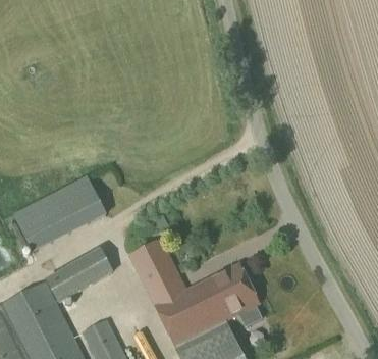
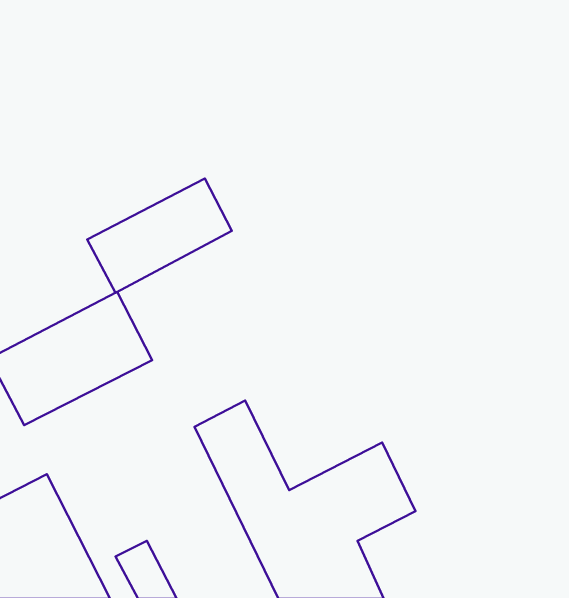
building: none -> [87,179,232,293]
building: [44,249,112,304] -> none

